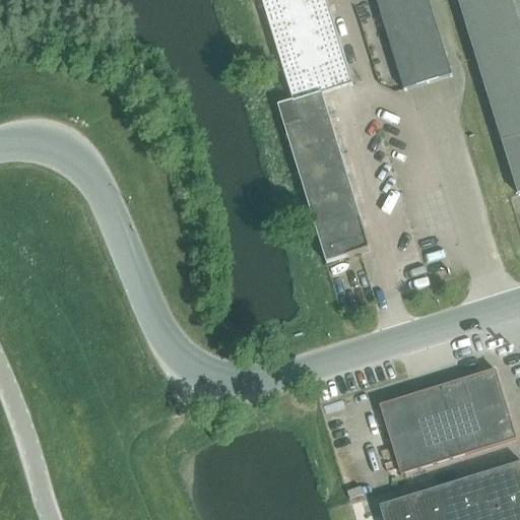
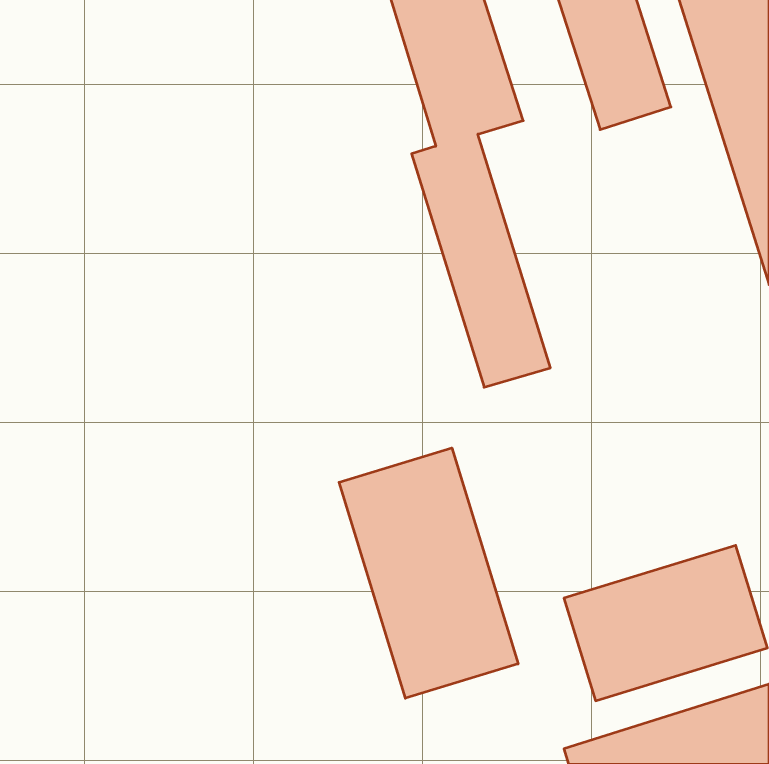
building: none -> [339,448,518,698]

